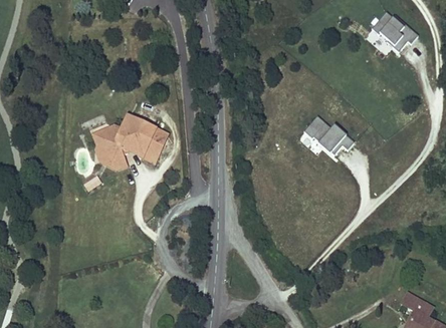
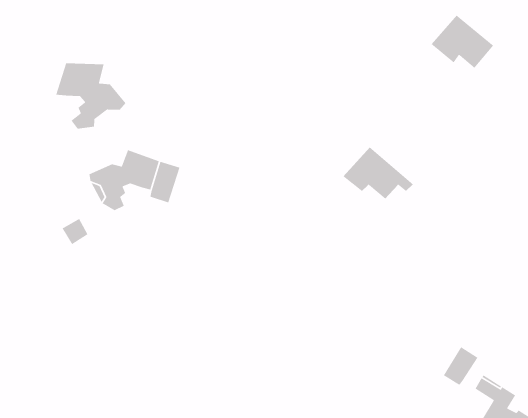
building: none -> [55,62,126,130]
building: none -> [443,346,479,386]

